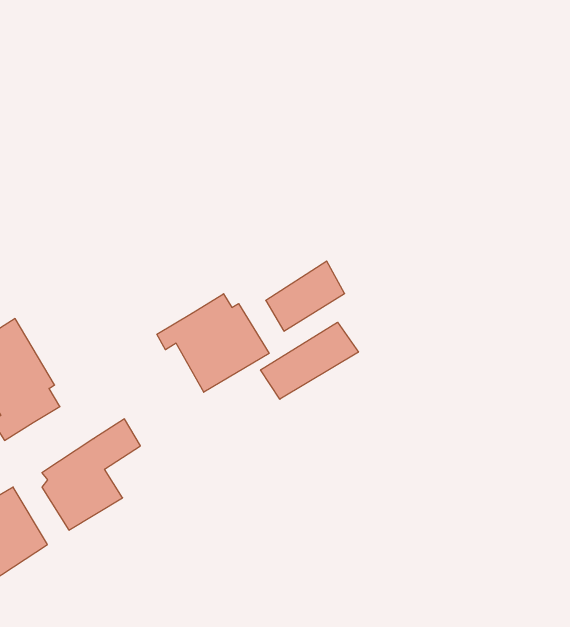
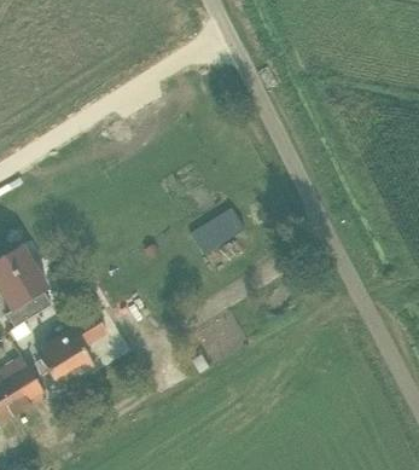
building: [157,294,269,392] -> none
building: [261,322,358,399] -> none

